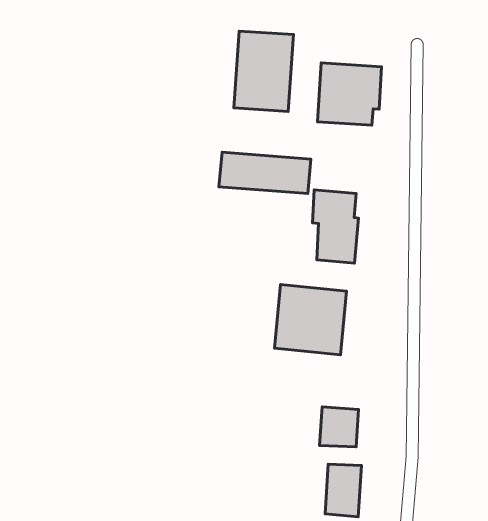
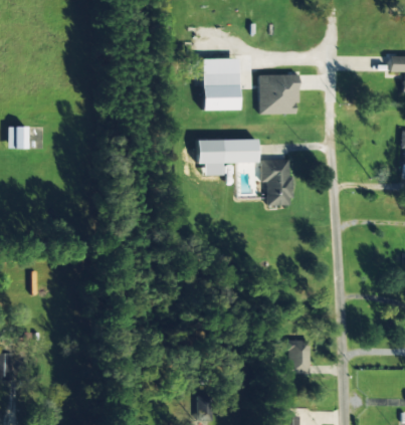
building: [275,285,346,355] -> none
building: [320,407,359,447] -> none

